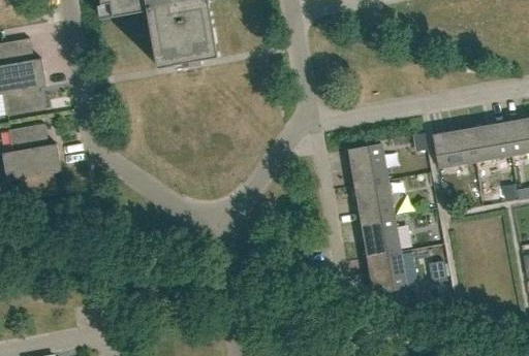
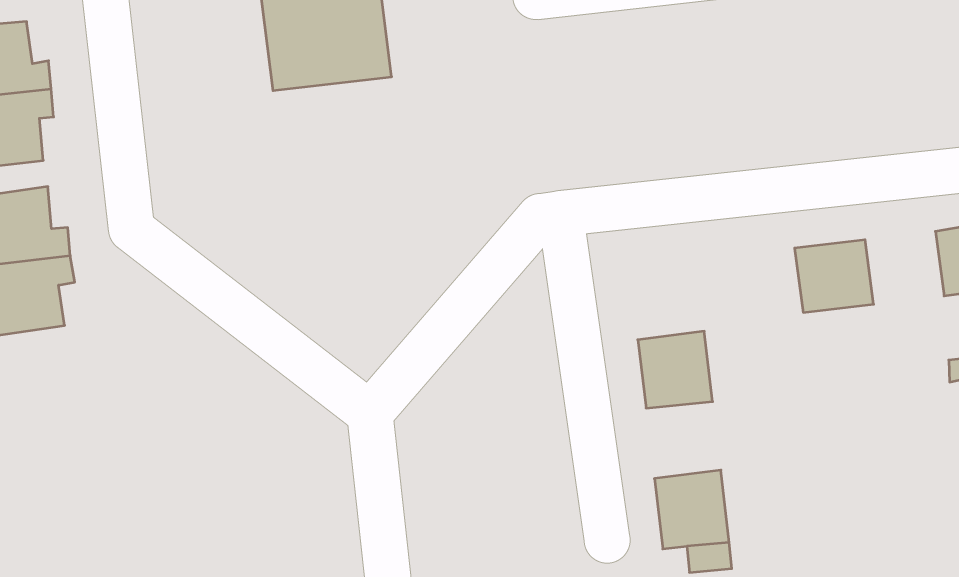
building: [468,122,510,161] -> none
building: [347,143,387,186] -> none
building: [360,216,400,257] -> none

